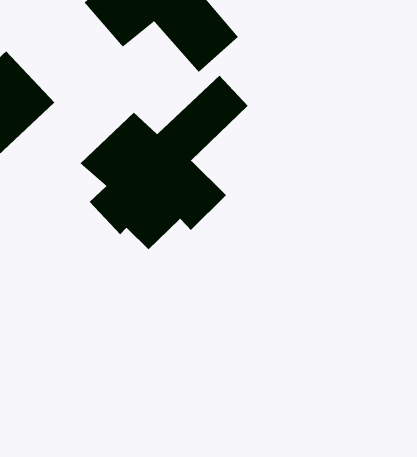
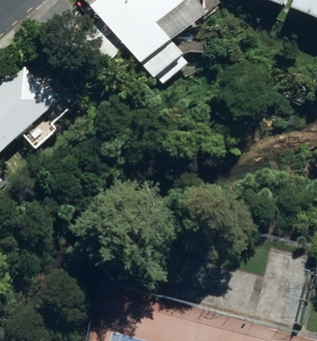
building: [80,75,248,250] -> none

